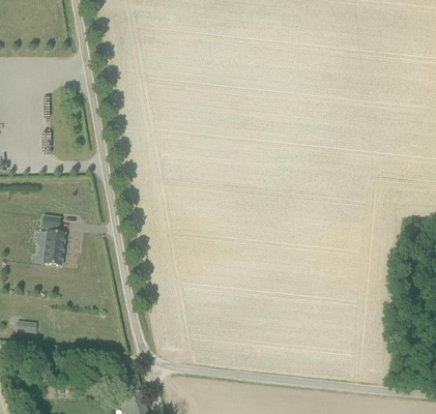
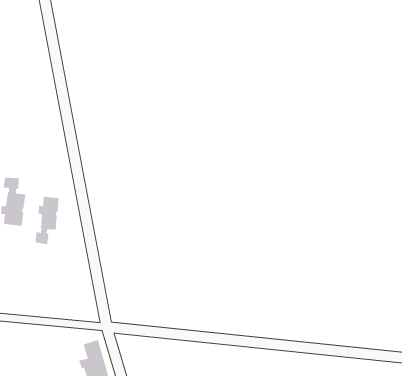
building: none -> [34,196,59,245]

